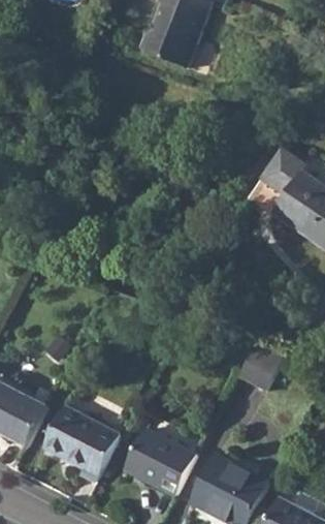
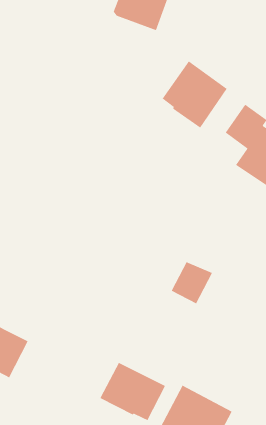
building: none -> [162,60,228,128]
building: [236,342,282,389] -> [171,262,213,304]
building: [43,405,120,481] -> none

